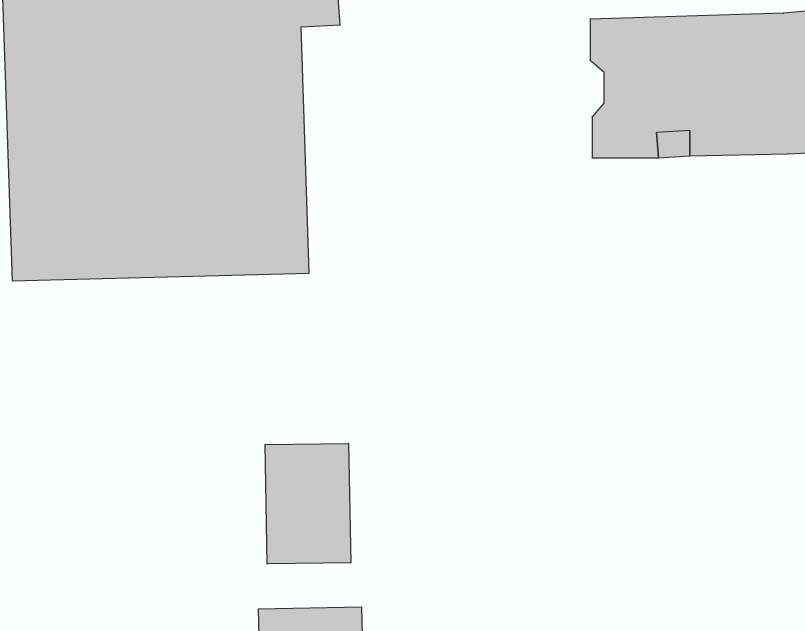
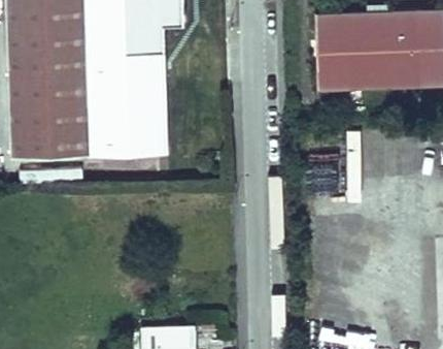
building: [265,443,351,564] -> none

